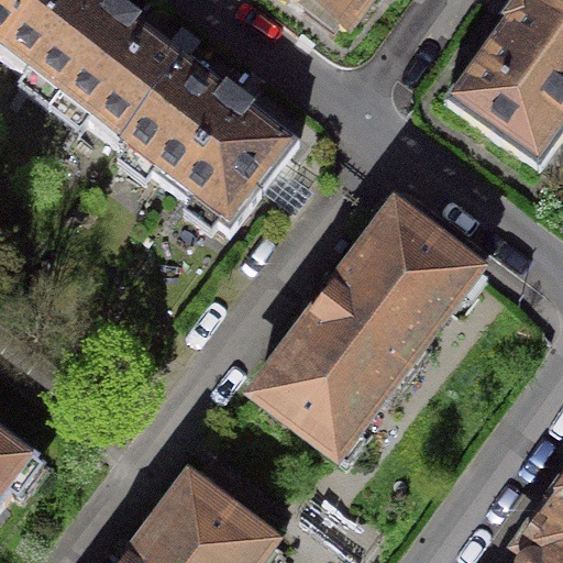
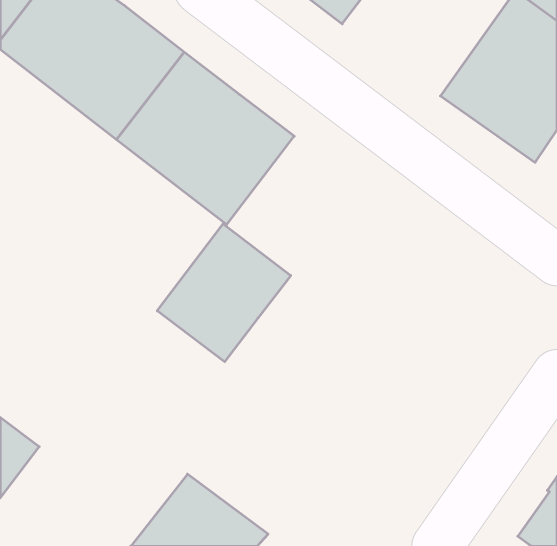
building: [254,207,476,454] -> none
building: none -> [157,224,291,362]

